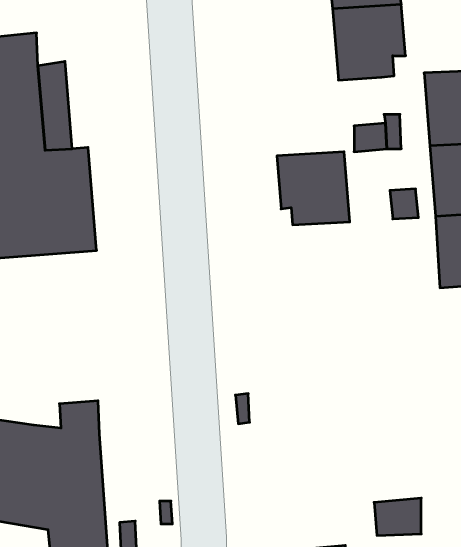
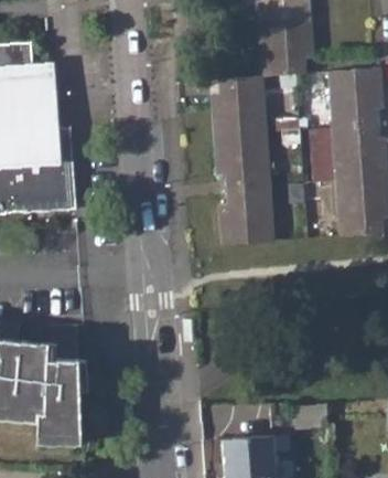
building: none -> [213,78,267,137]
building: none -> [220,188,274,246]

